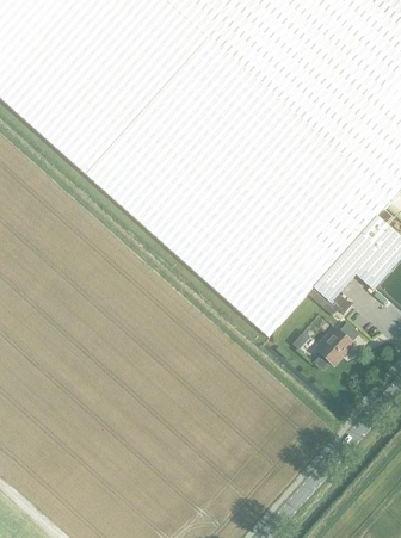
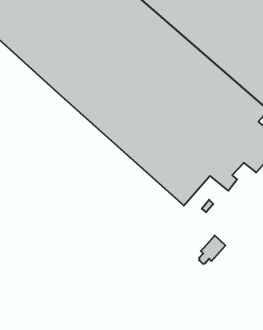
building: [316,328,354,369] -> [199,235,225,263]

